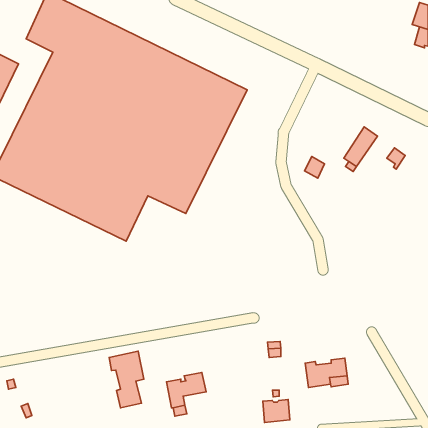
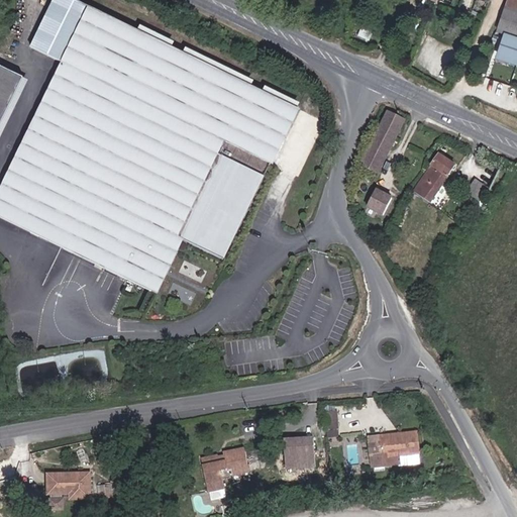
building: none -> [360,110,402,171]
building: [109,351,144,408] -> none
building: none -> [46,472,89,508]
building: [263,400,290,422] -> [282,438,314,466]

